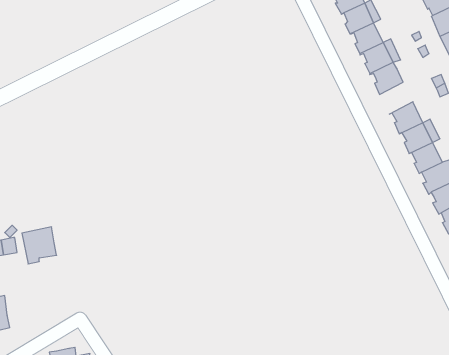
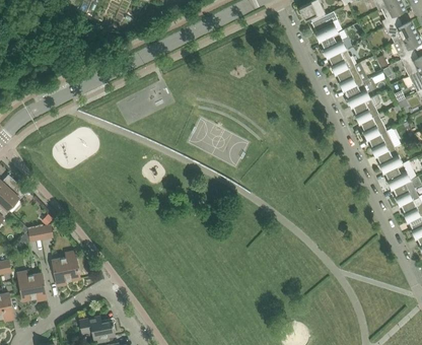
building: none -> [350,94,379,124]
building: [22,227,57,264] -> [51,256,79,286]

